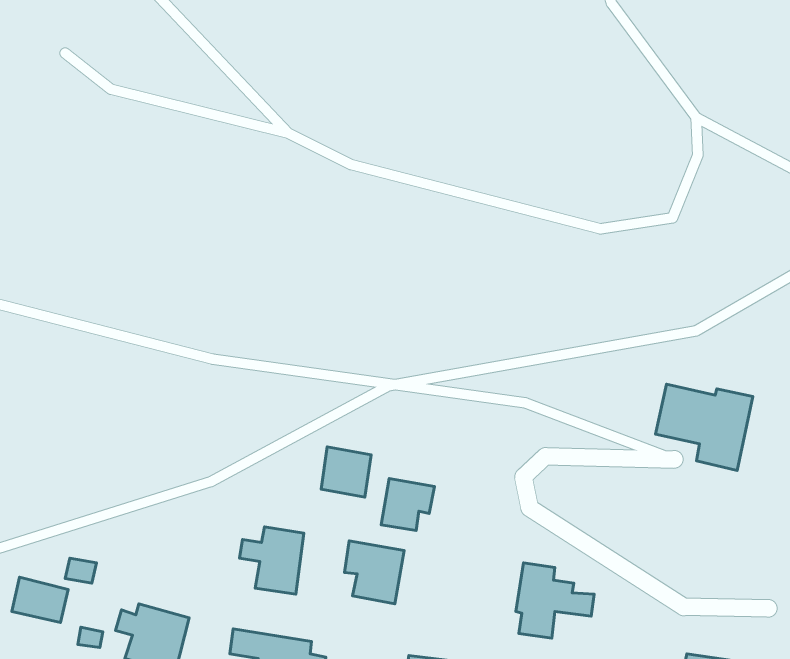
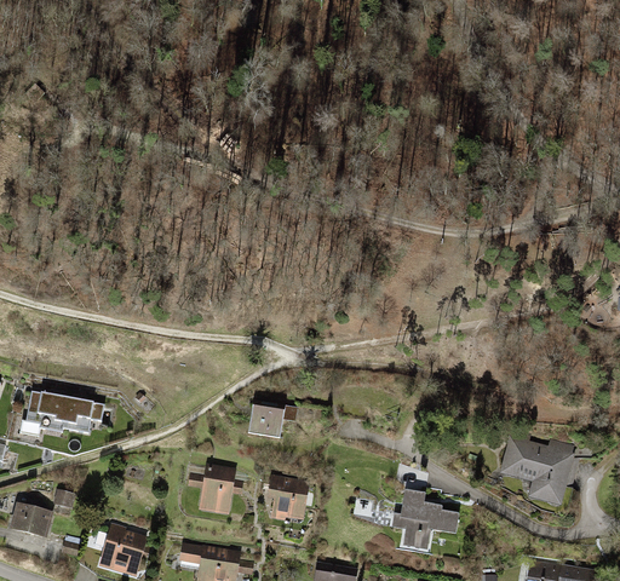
building: [656,384,753,470] -> [500,438,575,505]
building: none -> [27,393,103,432]
building: [381,478,434,531] -> none

